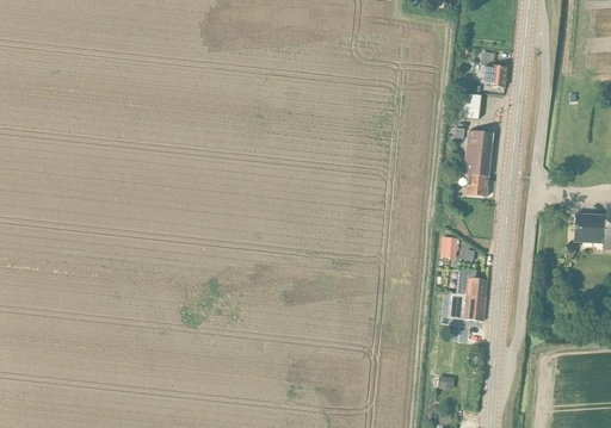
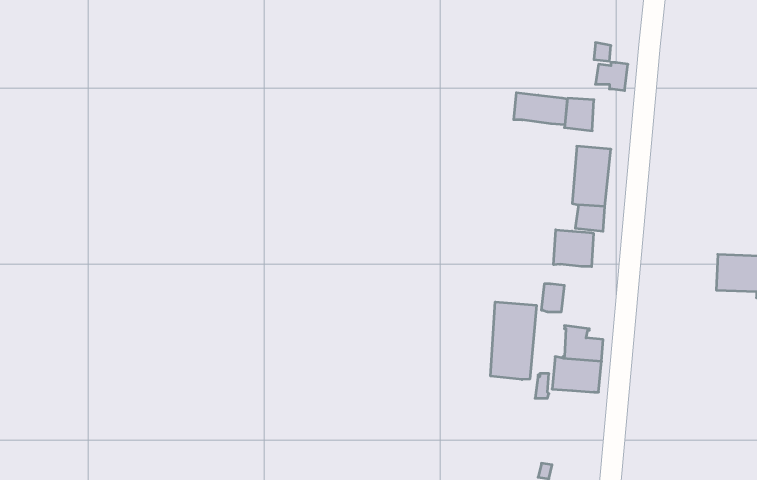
building: none -> [514,93,567,125]
building: none -> [554,230,593,267]
building: none -> [491,302,536,380]

